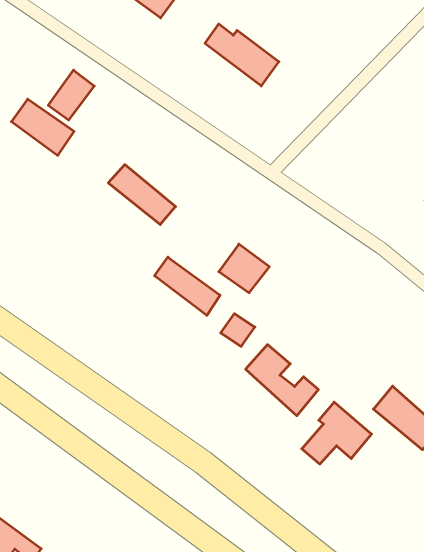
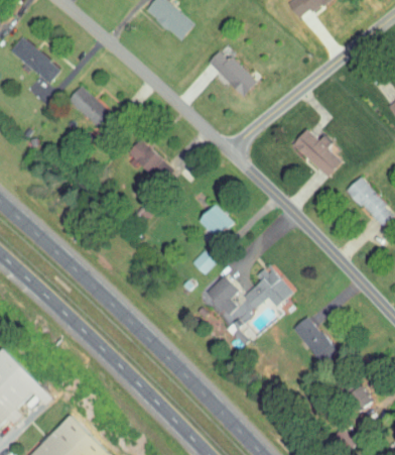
building: [48,70,94,120] -> none
building: none -> [292,129,342,178]
building: [155,257,220,315] -> none
building: [302,402,372,464] -> [244,266,293,308]

